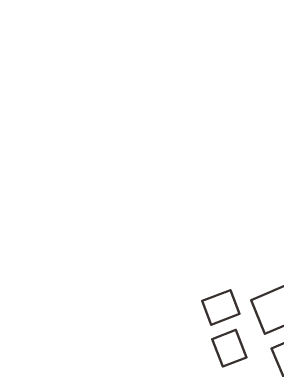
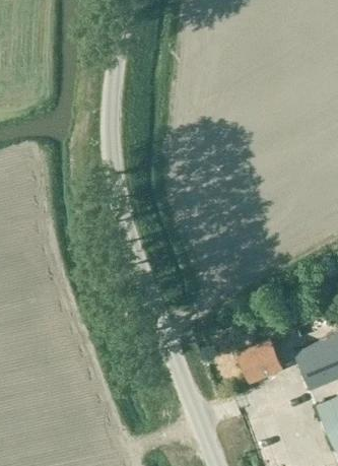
building: [212,330,247,367] -> none

